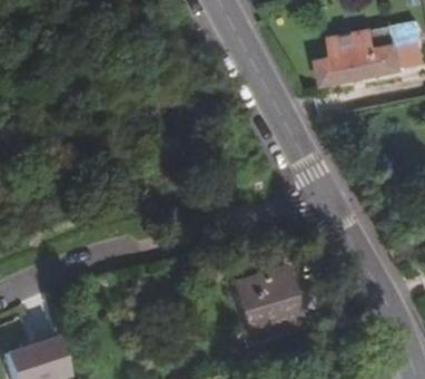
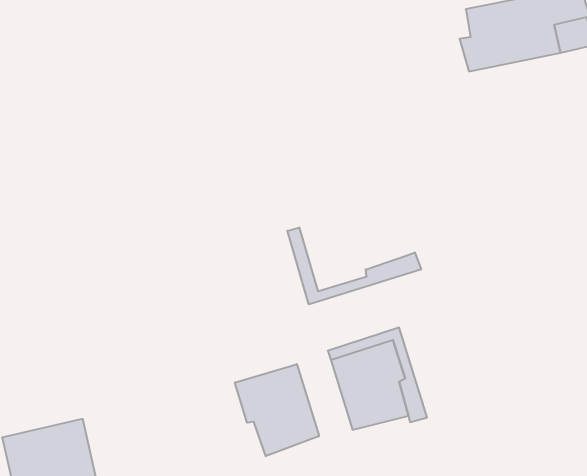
building: none -> [287,227,421,304]
building: none -> [235,364,319,456]

